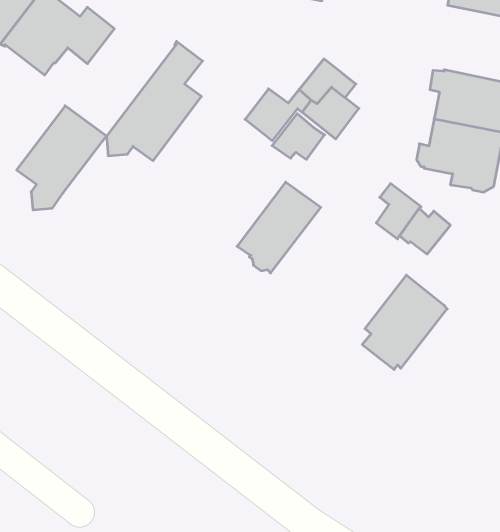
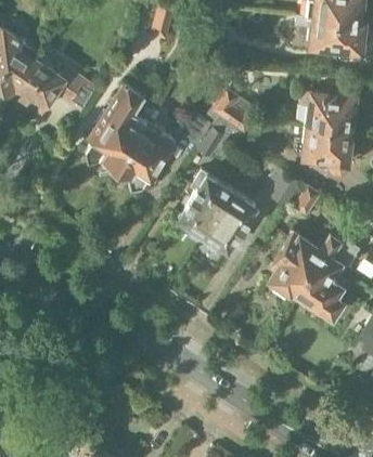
building: [17,106,106,210] -> [118,122,177,194]
building: none -> [203,191,257,252]
building: none -> [295,235,344,319]

